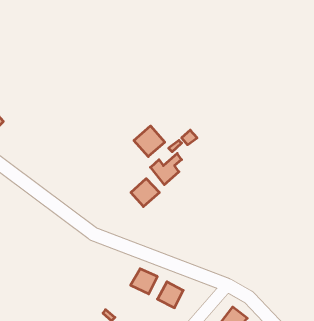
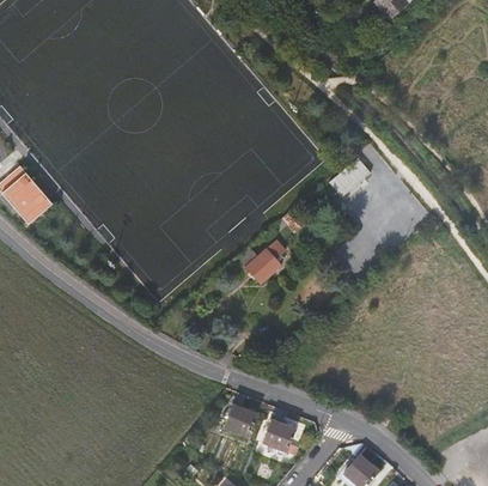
building: [134,126,165,157] -> none
building: [131,179,159,207] -> none

